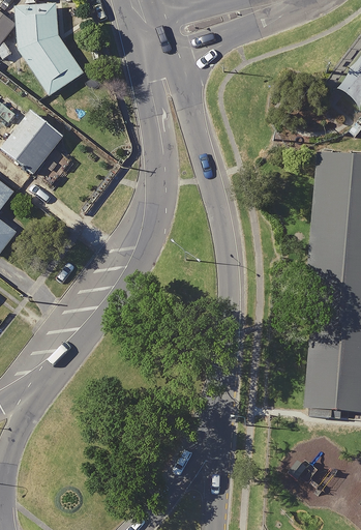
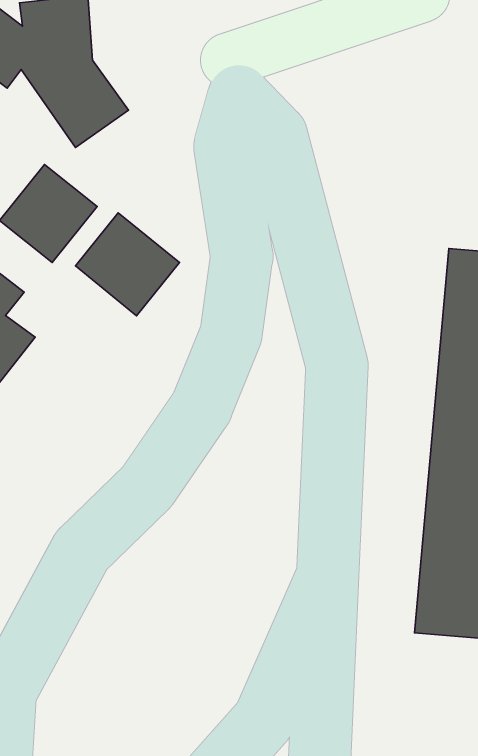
building: none -> [75,213,179,316]

